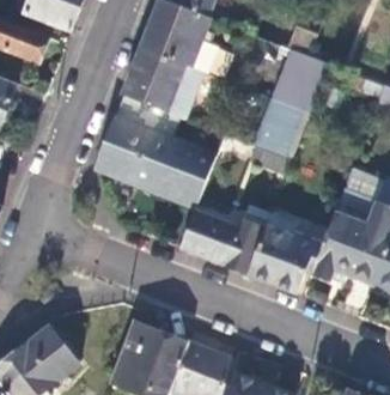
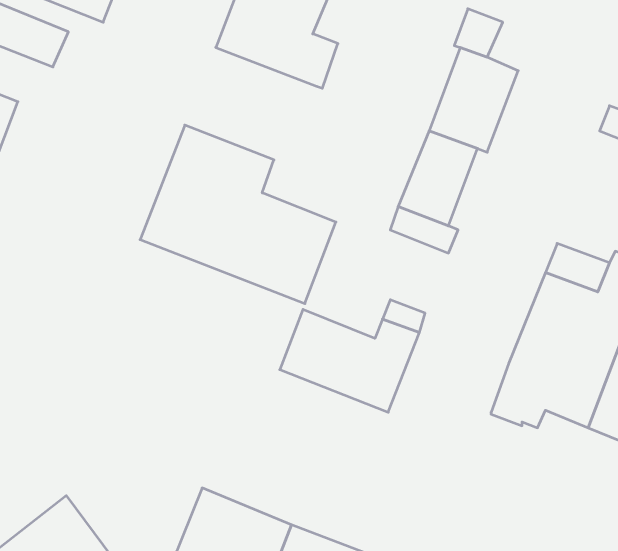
building: [121,49,202,121] -> none
building: [248,229,321,292] -> none

